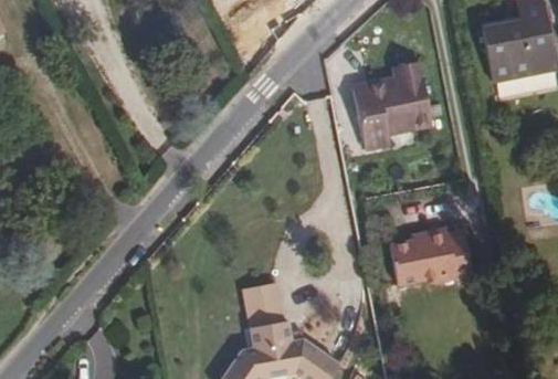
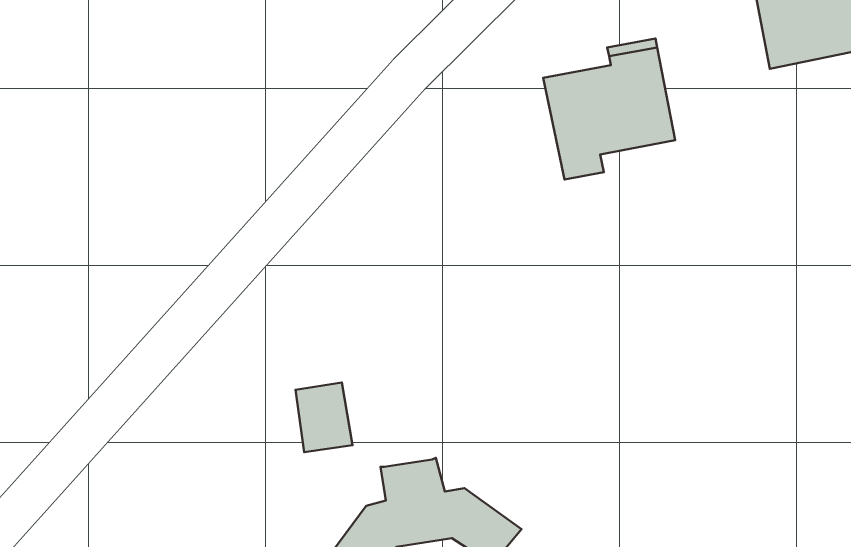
building: [389,229,472,284] -> none
building: [248,284,283,327] -> [295,383,353,452]

